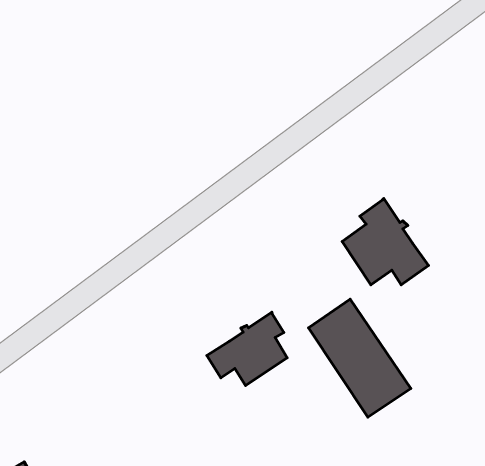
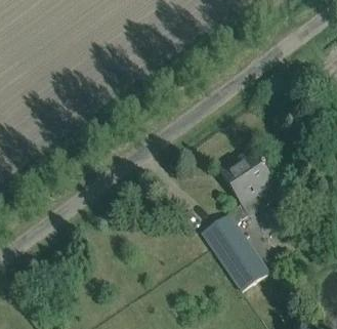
building: [207,312,287,385] -> none

